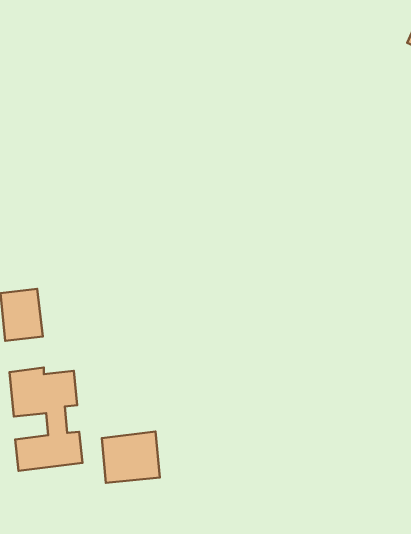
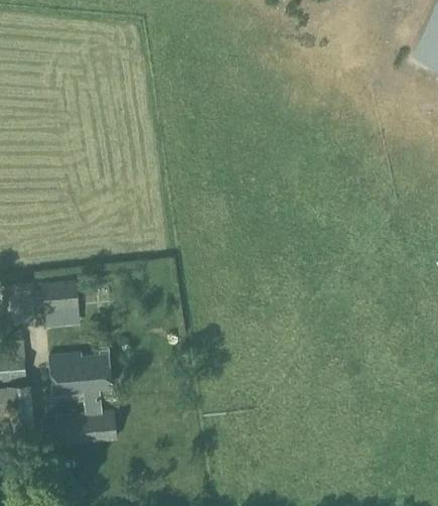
building: [102,431,160,483] -> none

